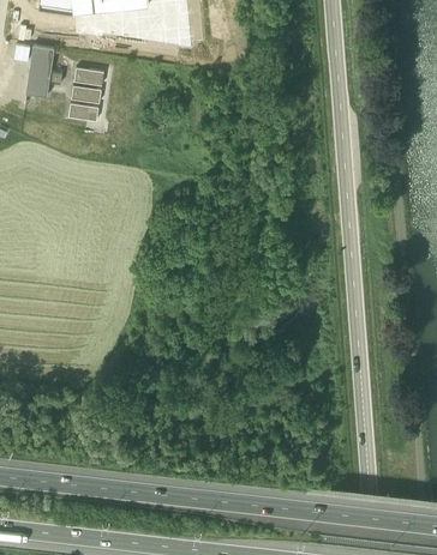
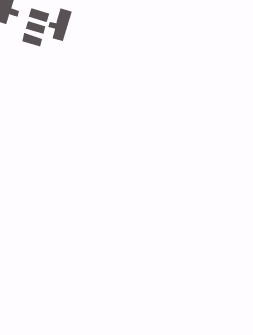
building: none -> [48,8,72,42]

